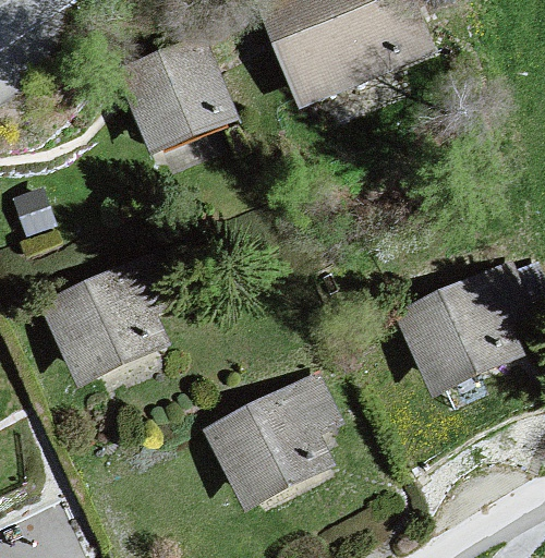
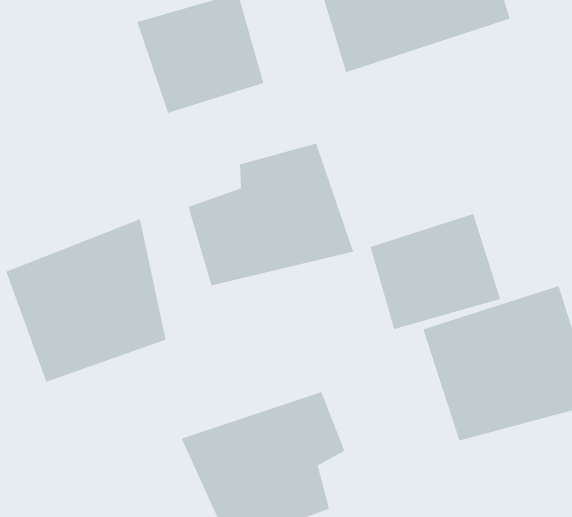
building: none -> [188,143,354,286]
building: none -> [370,213,501,330]

